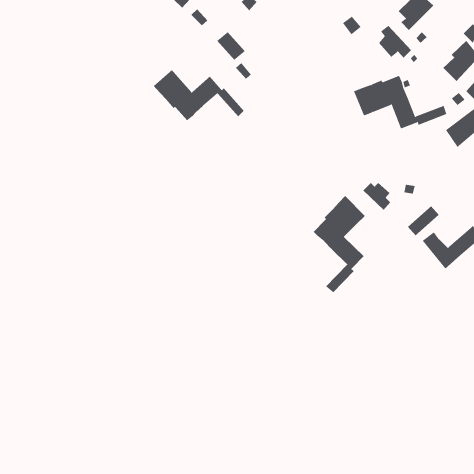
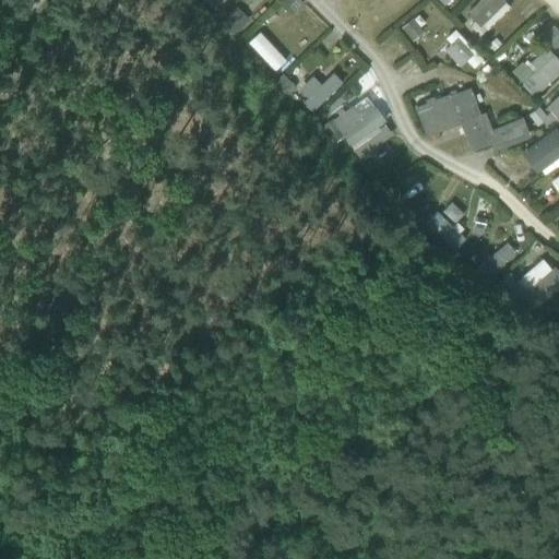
building: none -> [300,72,344,111]
building: [153,69,244,121] -> none
building: none -> [323,96,388,158]
building: [313,195,366,293] -> none

